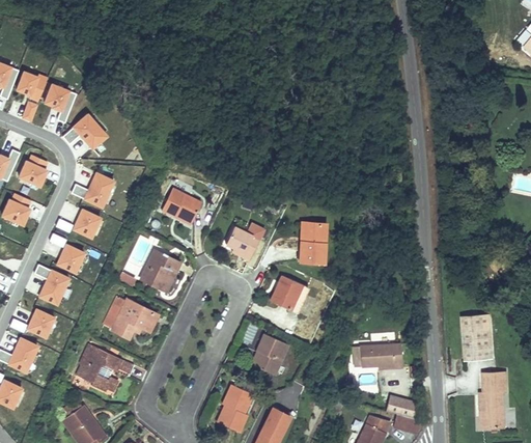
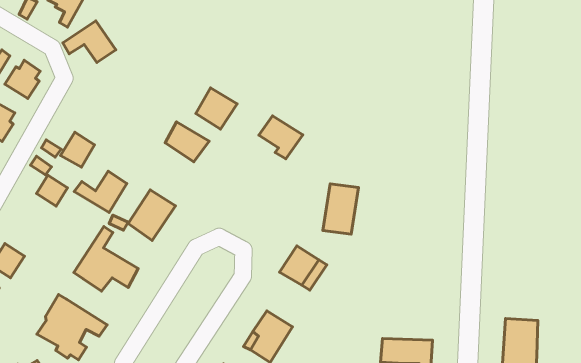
building: none -> [196,88,237,129]
building: [72,172,114,206] -> [74,171,127,213]
building: [223,226,259,260] -> [259,116,303,159]
building: [35,264,69,304] -> none

